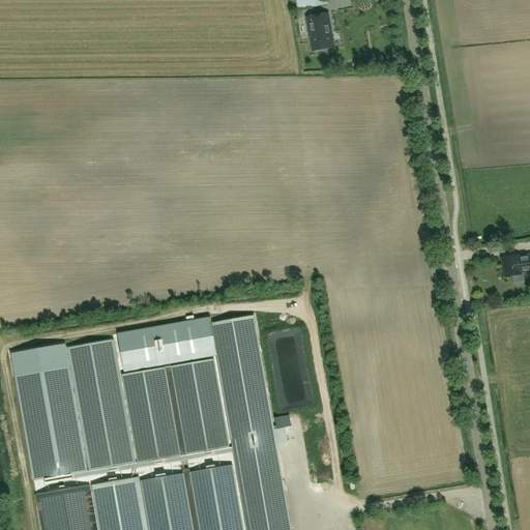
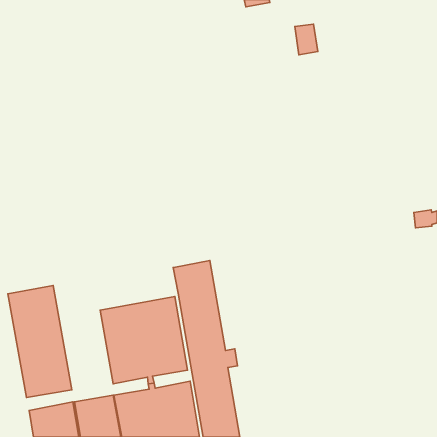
building: [305,12,333,50] -> [295,24,318,55]
building: [117,315,215,371] -> none
building: [66,340,135,471] -> none

